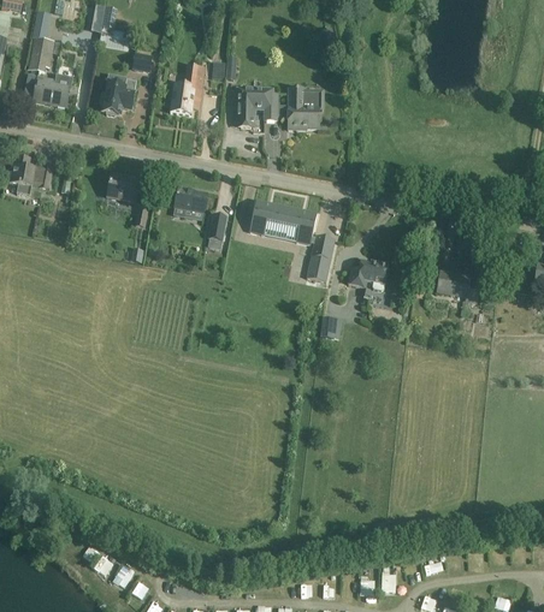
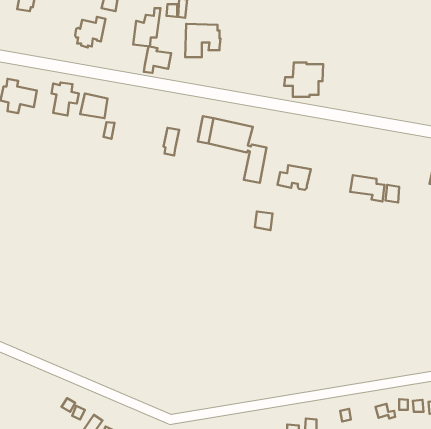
building: [32,76,71,106] -> none
building: [276,87,324,129] -> [284,62,323,97]
building: none -> [51,82,79,116]
building: [172,184,206,216] -> [144,46,171,73]

